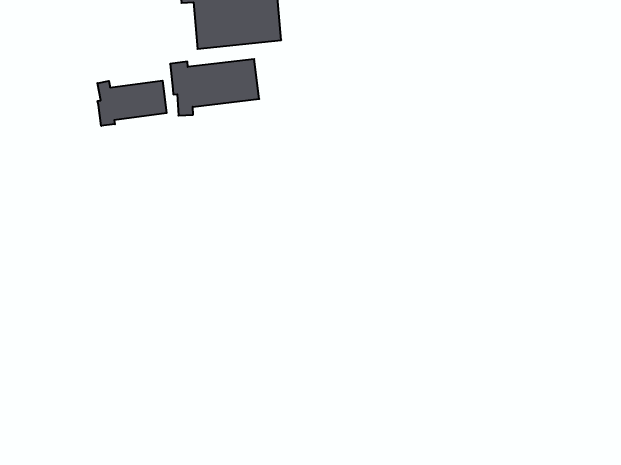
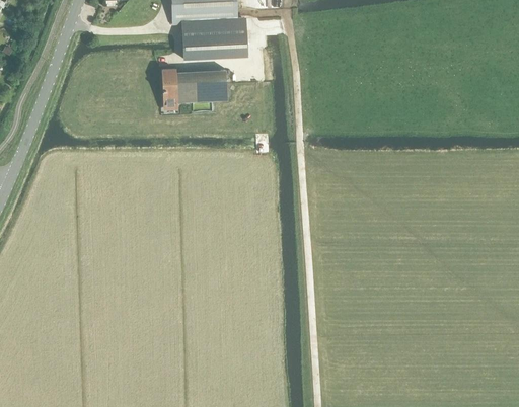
building: [97,81,167,126] -> none

